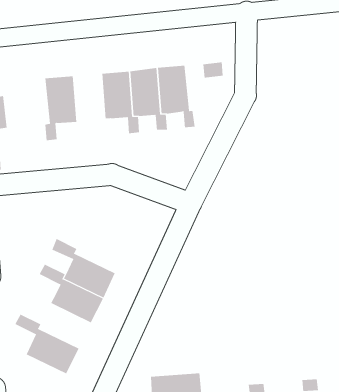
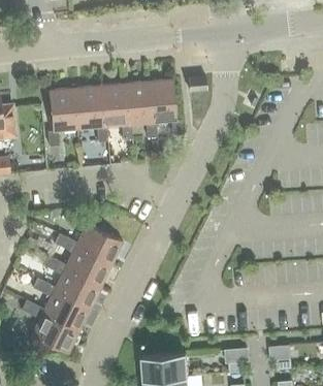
building: none -> [72,87,106,142]
building: none -> [63,212,121,264]
building: none -> [31,278,88,331]

